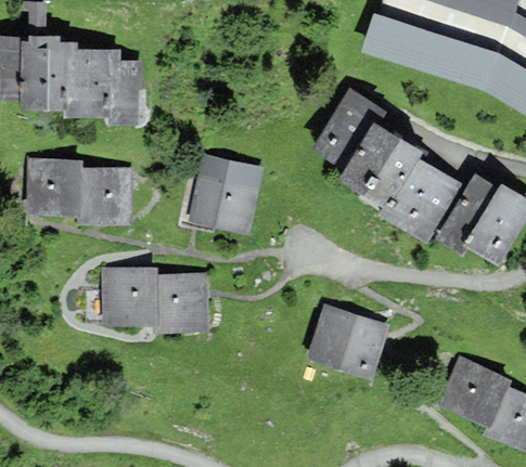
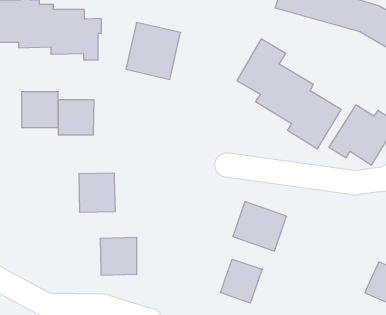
building: [188,157,260,233] -> [126,23,181,80]
building: [155,278,204,328] -> [100,238,137,275]
building: [444,362,510,424] -> none
building: none -> [220,259,262,303]

